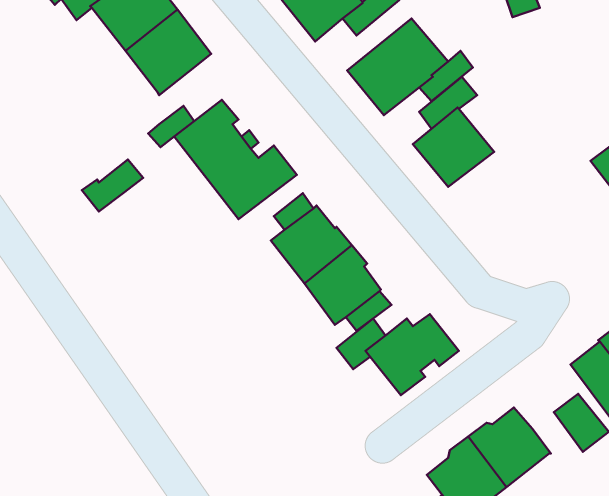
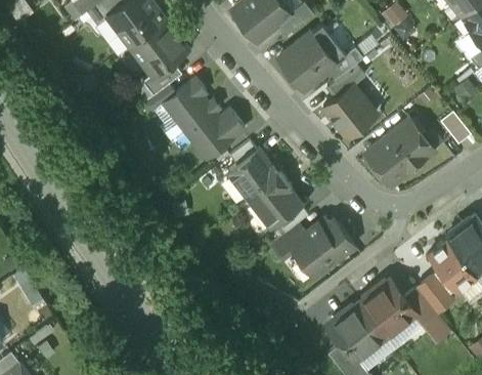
building: [82,160,143,212] -> [141,60,182,95]
building: none -> [365,120,434,185]
building: none -> [402,288,437,326]

